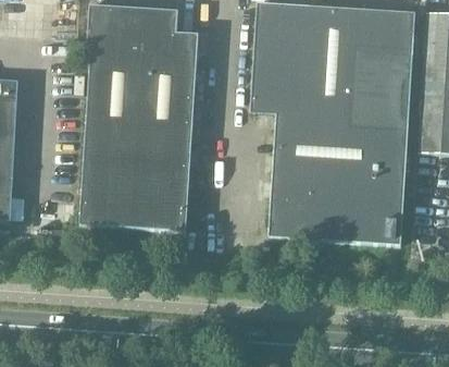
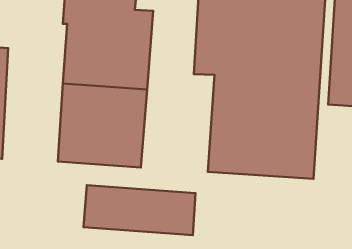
building: none -> [83,185,195,235]

